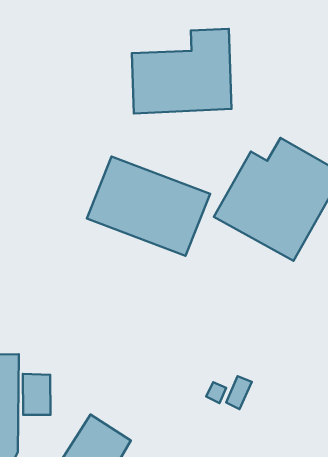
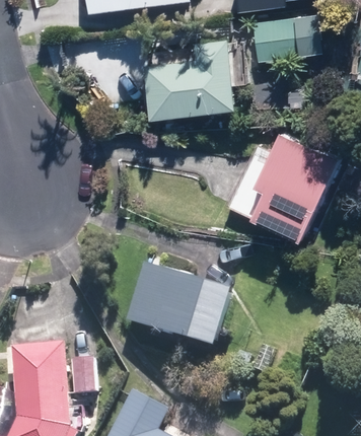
building: none -> [252,13,303,60]
building: [87,156,210,256] -> [126,265,233,348]

